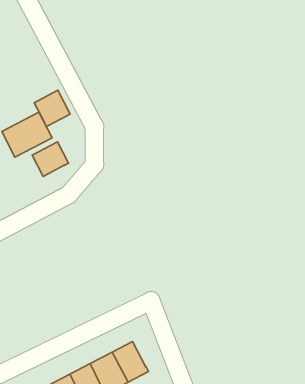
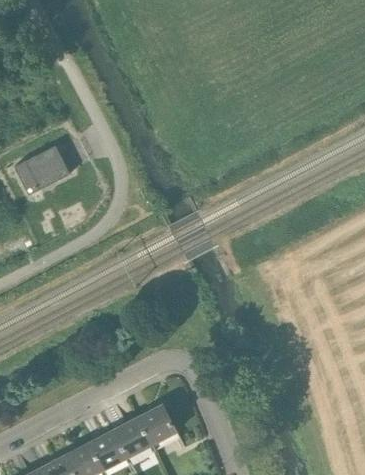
building: [34,90,70,127] -> none
building: [32,142,69,176] -> none

